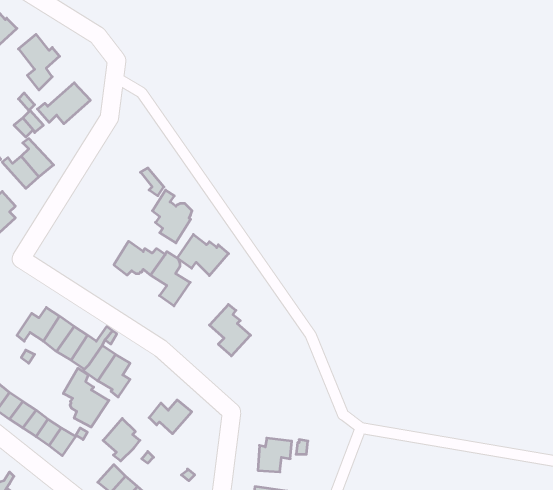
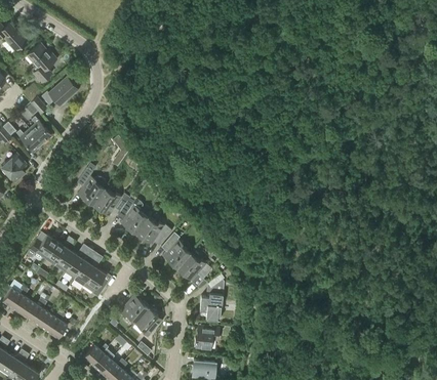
building: [152,190,192,243] -> [78,168,106,205]
building: [177,234,229,276] -> [136,217,172,246]
building: none -> [176,254,211,279]
building: [63,368,109,427] -> none
building: none -> [199,281,224,319]
building: [103,418,140,461] -> [135,307,161,337]

